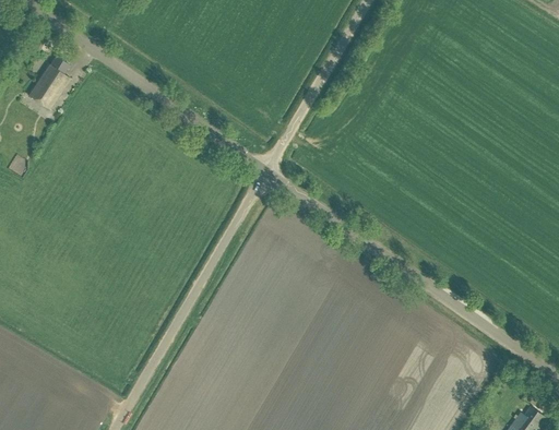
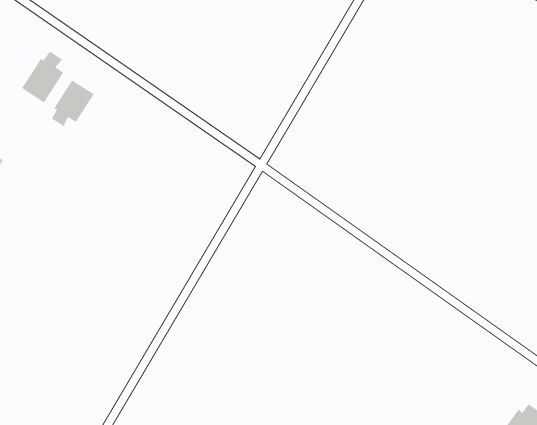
building: none -> [51,79,95,127]

